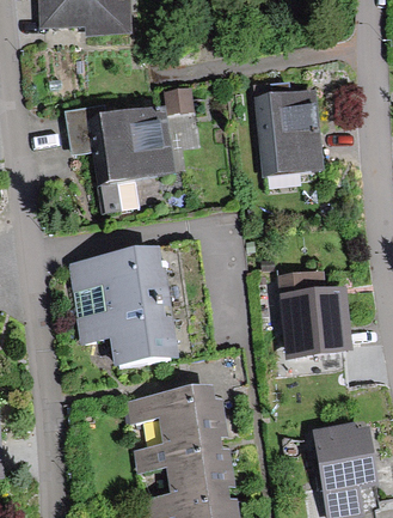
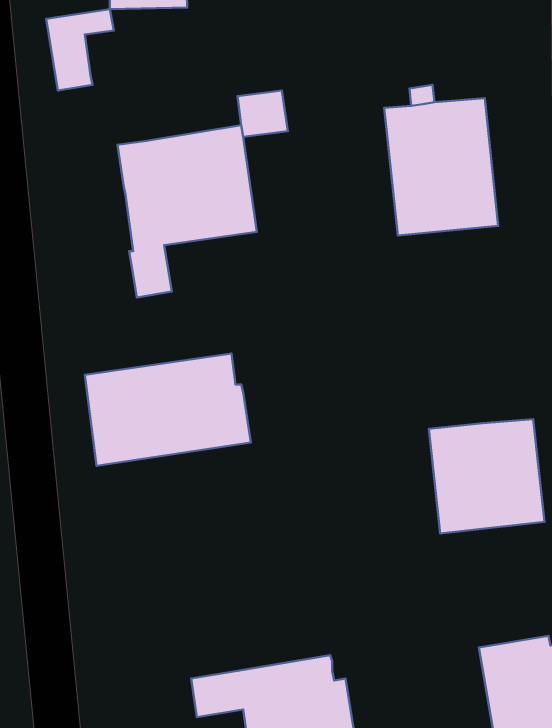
building: [65,103,106,153] -> [46,9,114,91]
building: [75,303,178,367] -> none
building: [125,385,228,444] -> none

